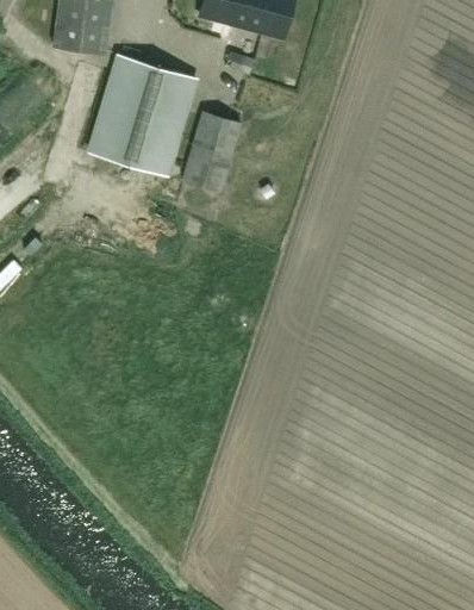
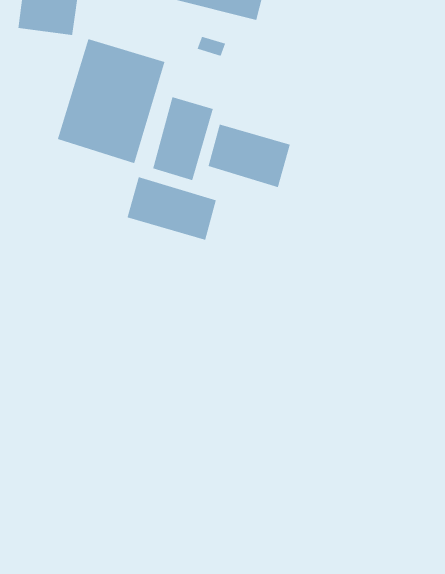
building: none -> [207,123,291,188]
building: none -> [126,176,217,241]

